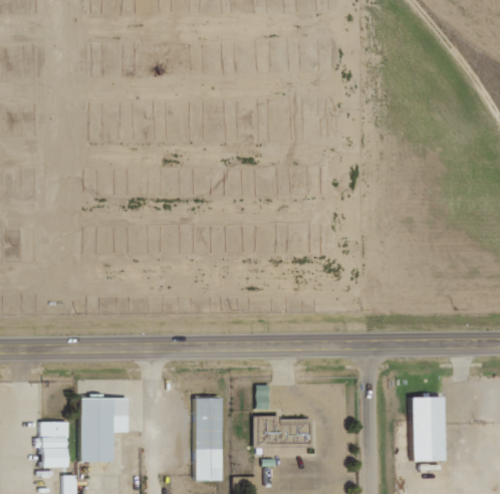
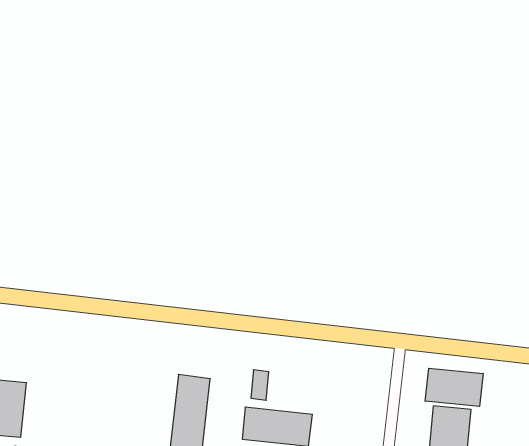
building: none -> [425,368,483,406]
building: [80,397,129,462] -> none

